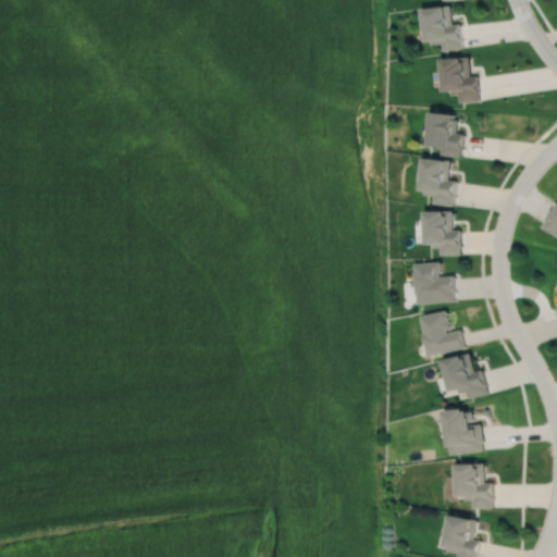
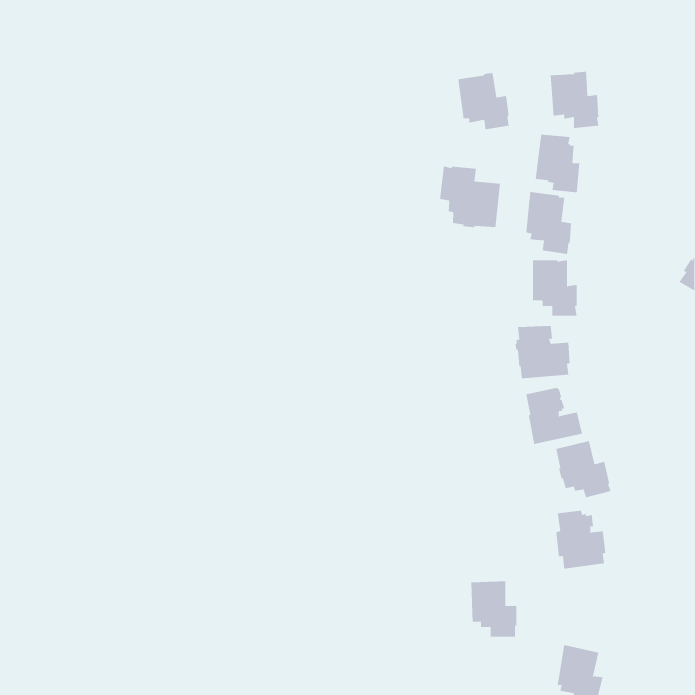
building: [418,8,459,53] -> [457,72,509,130]
building: none -> [440,165,500,228]
building: [455,465,492,509] -> [471,581,517,637]

